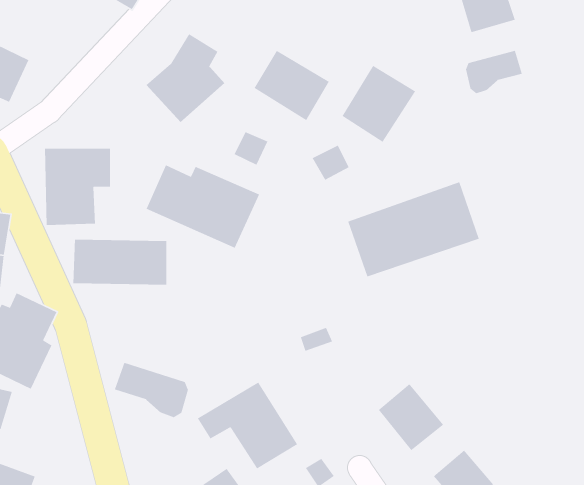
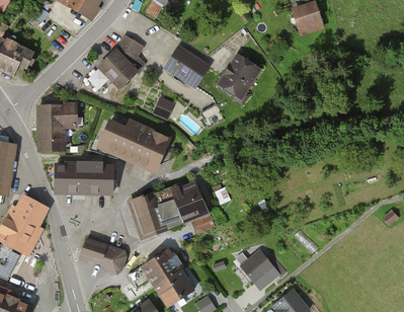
building: [465,50,523,94] -> none
building: [347,181,480,277] -> [128,177,209,236]

